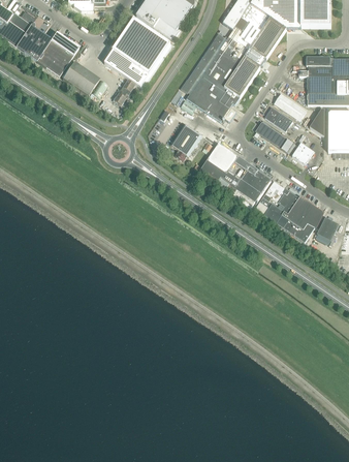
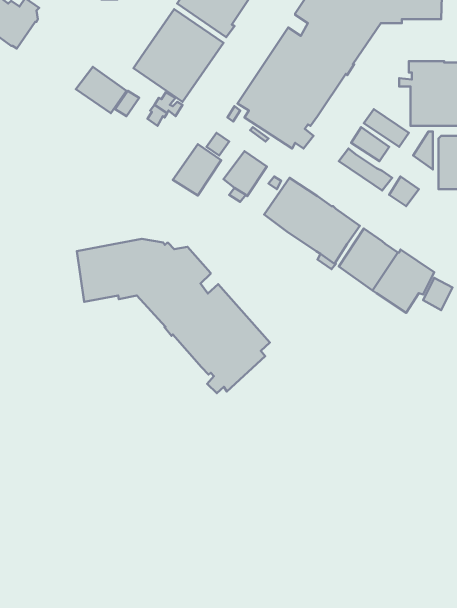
building: [19,27,78,74] -> none
building: none -> [173,144,221,195]
building: none -> [77,239,270,393]

